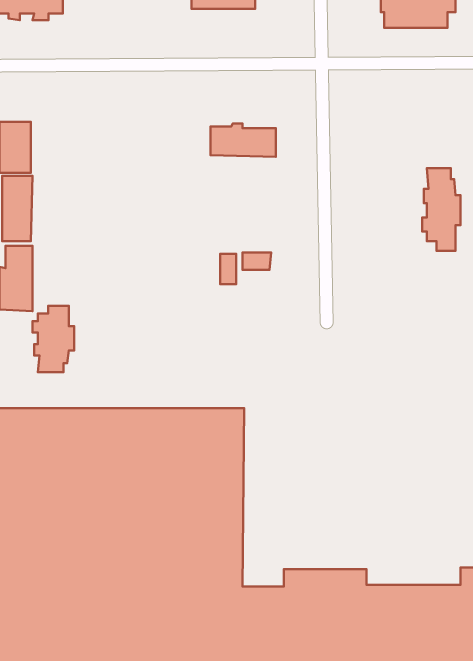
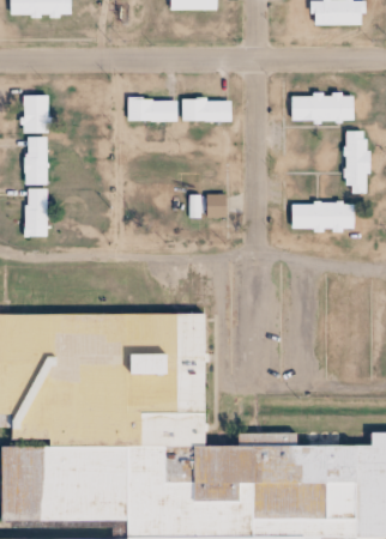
building: none -> [290,93,355,127]
building: none -> [127,97,177,123]
building: none -> [291,201,355,235]
building: [33,306,74,372] -> none

